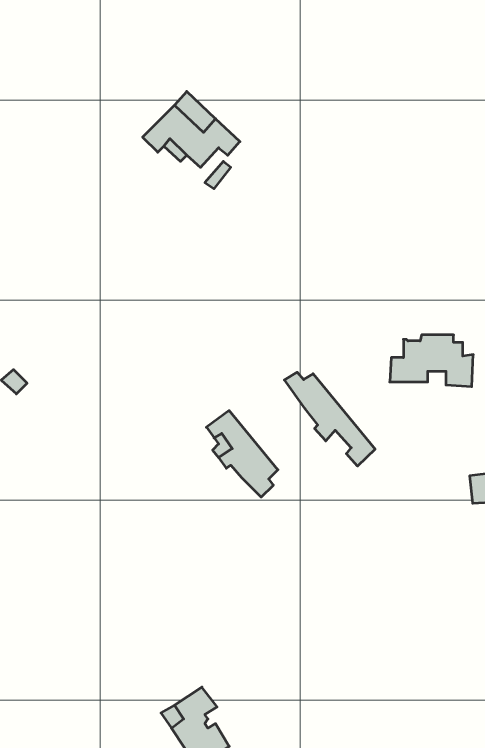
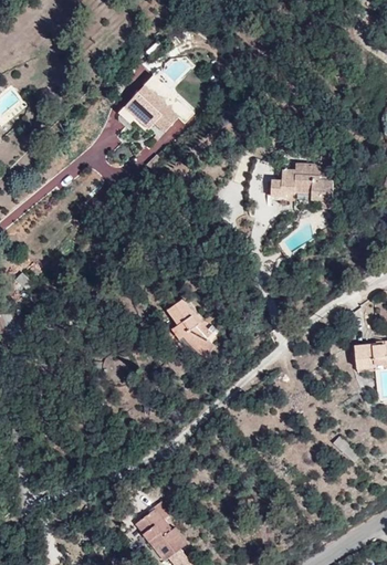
building: [390,335,473,387] -> [271,159,332,197]
building: [284,372,375,466] -> none

